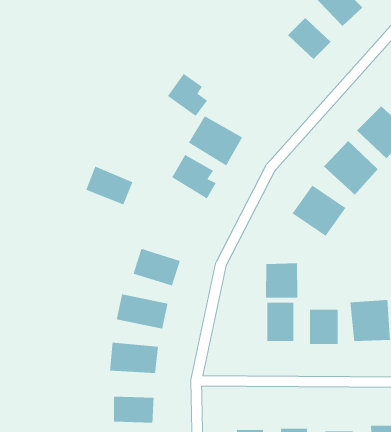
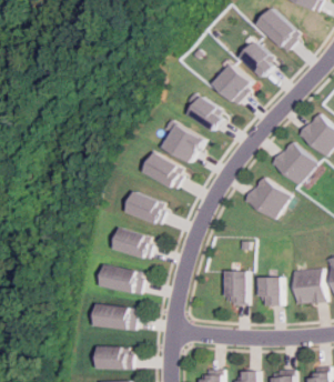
building: none -> [213,64,252,102]
building: [167,73,208,117] -> [189,95,222,131]
building: [85,165,133,205] -> [129,192,168,224]
building: [265,262,298,299] -> none

